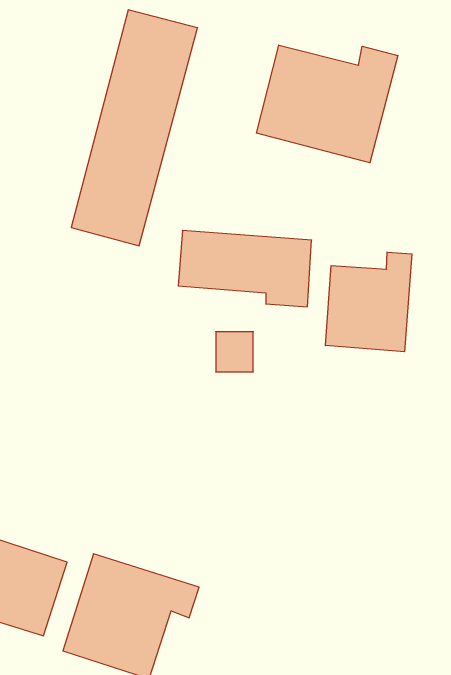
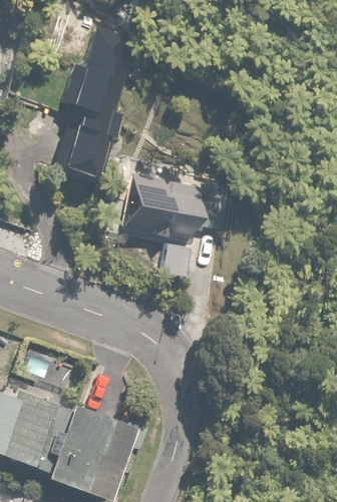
building: [256,45,398,163] -> none
building: [325,252,412,352] -> none

